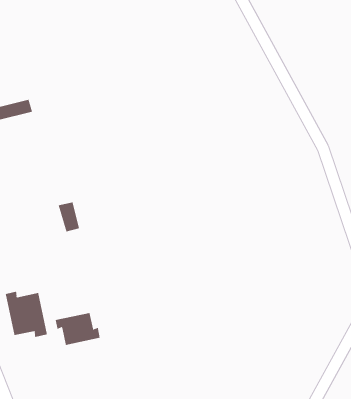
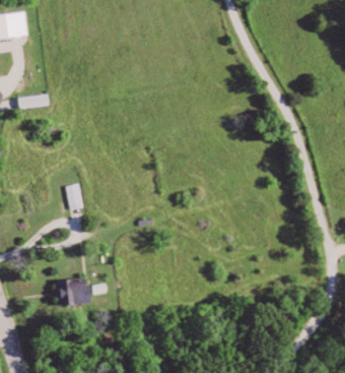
building: [5,291,48,338] -> none

